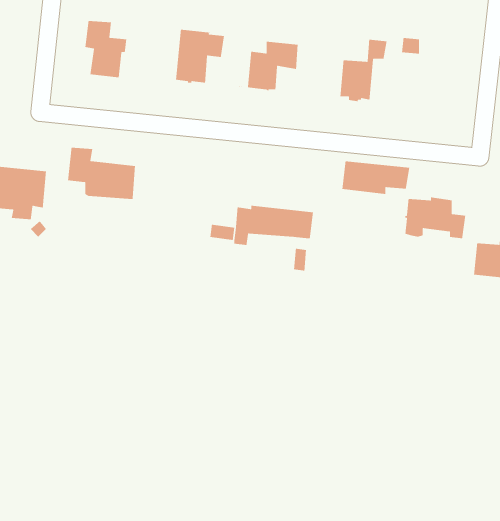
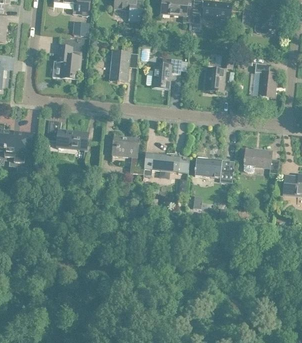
building: none -> [254,63,276,97]
building: [342,160,410,195] -> [194,158,234,178]
building: none -> [111,135,138,157]

